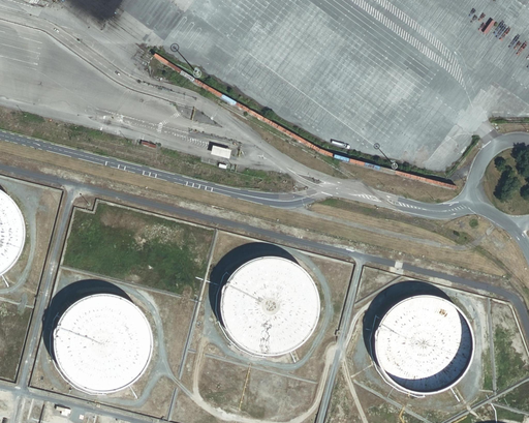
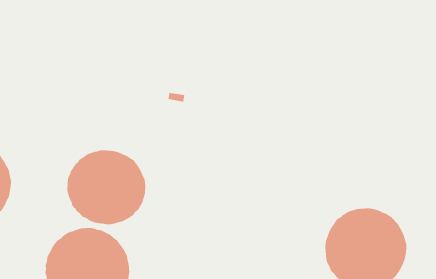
building: none -> [67,149,146,225]
building: [219,255,318,355] -> none

